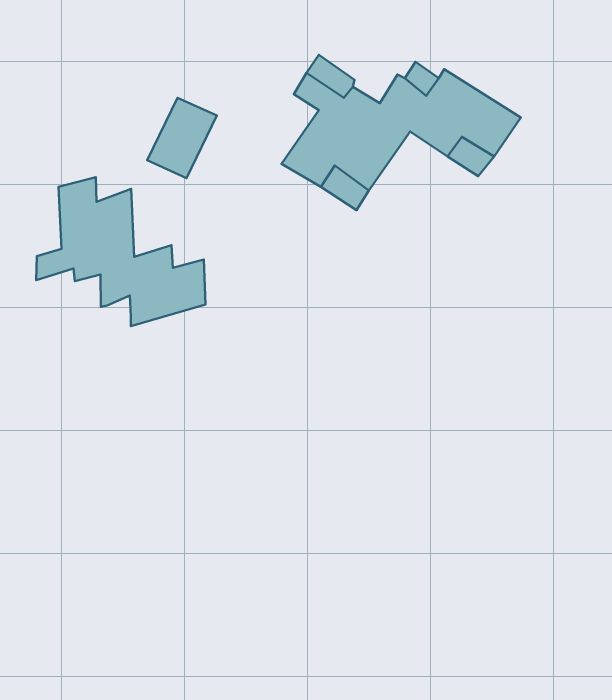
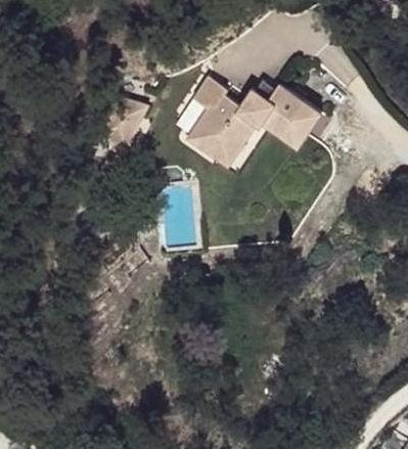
building: [36,177,205,326] -> none

